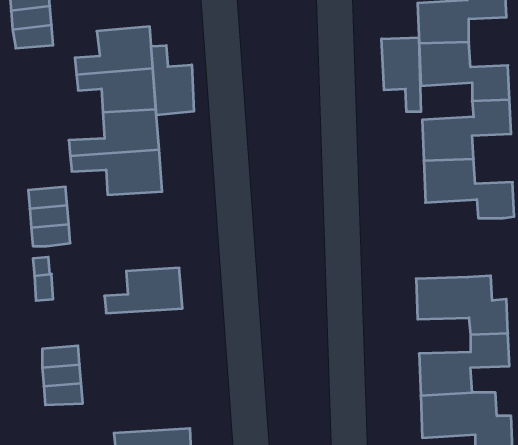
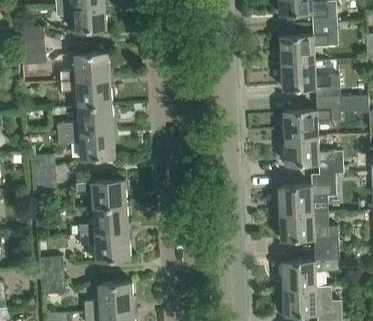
building: [382,38,421,112] -> none
building: [151,45,194,115] -> none
building: none -> [278,174,335,213]
building: none -> [76,179,127,208]
building: none -> [80,232,131,261]
building: none -> [84,283,134,312]

